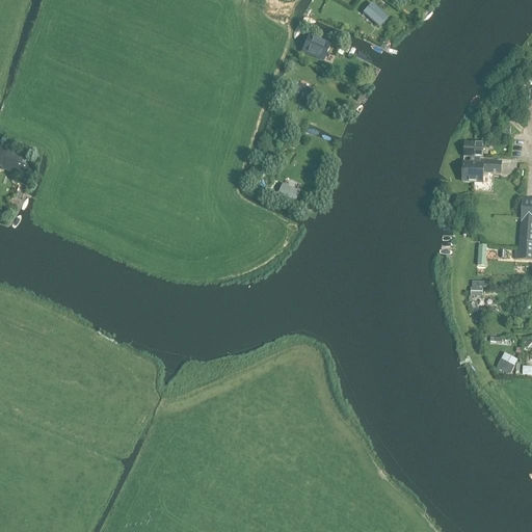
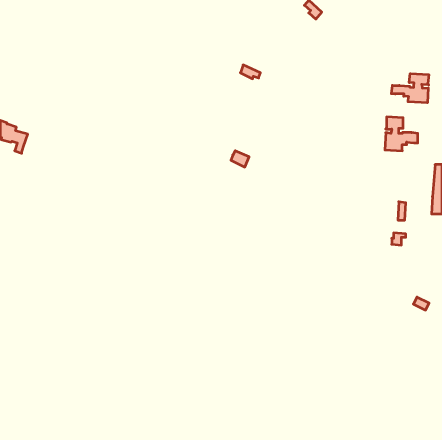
building: [302,33,330,58] -> none
building: none -> [391,74,429,103]

